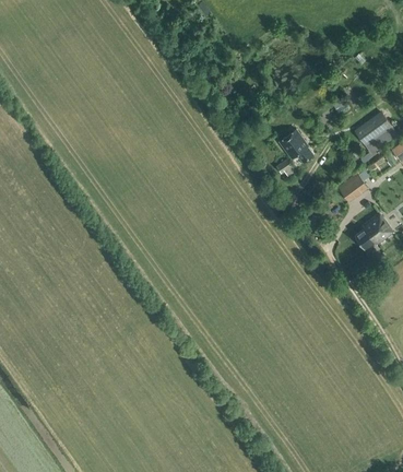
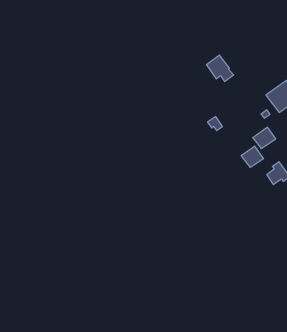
building: [278,128,315,163] -> [206,55,234,81]
building: none -> [241,146,263,167]

